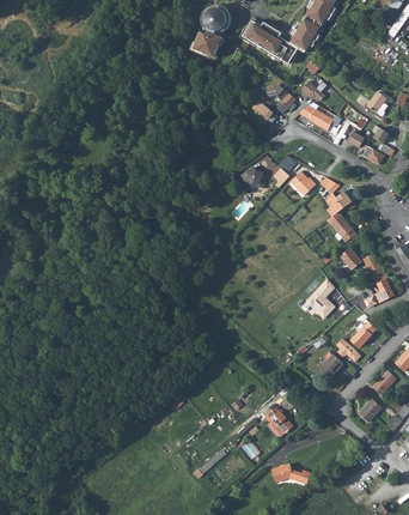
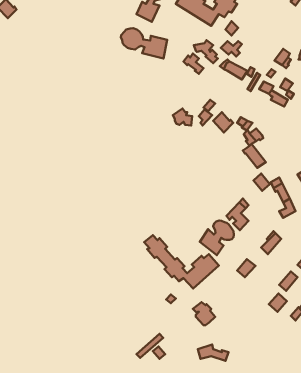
building: none -> [121,28,167,58]
building: none -> [200,221,234,255]
building: none -> [144,235,219,289]

